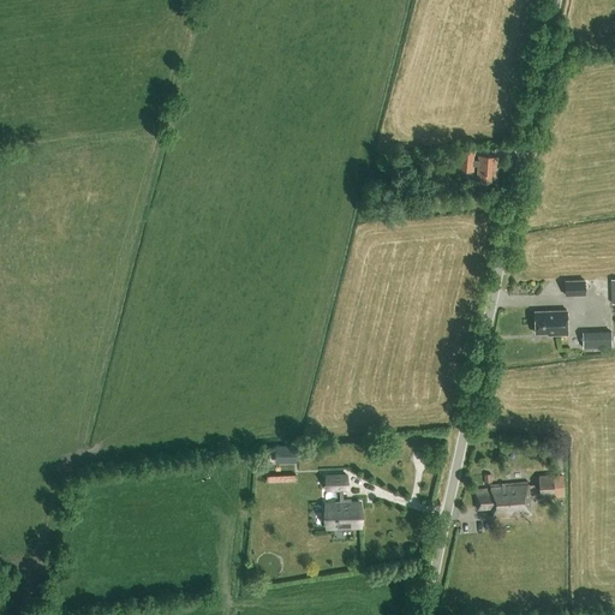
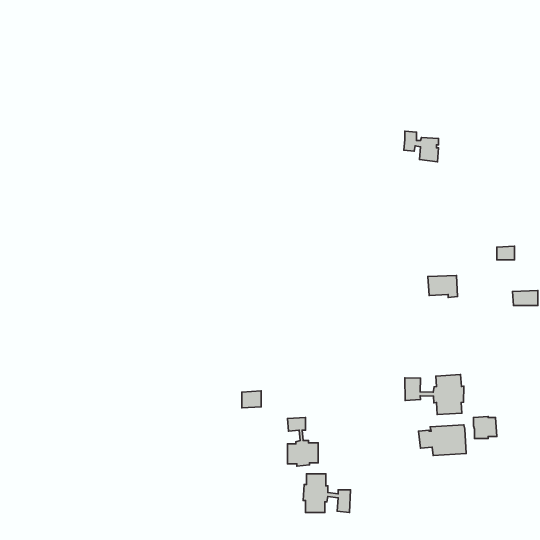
building: [535,310,568,335] -> [428,275,458,298]
building: none -> [405,374,464,415]
building: none -> [303,474,351,512]

